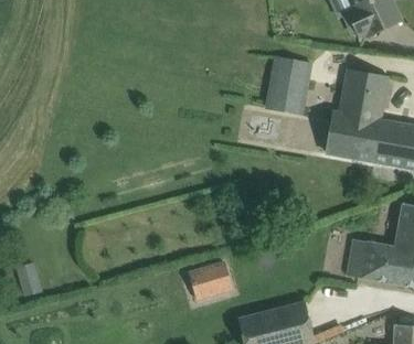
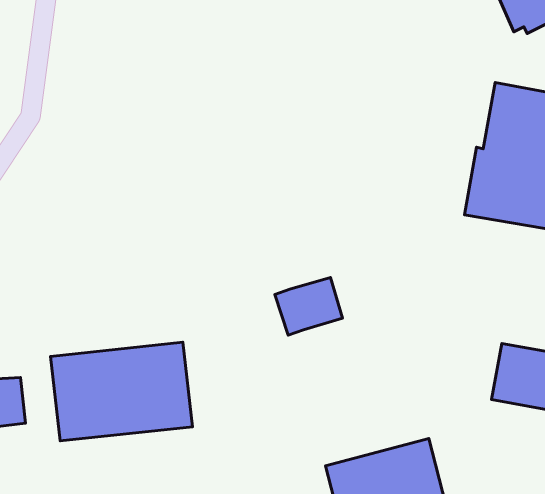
building: [266,55,309,112] -> none
building: none -> [51,342,192,441]
building: [187,265,231,302] -> [275,277,343,335]

